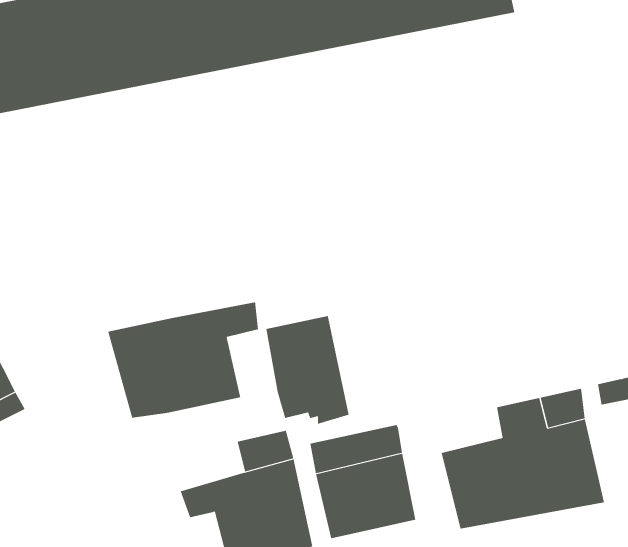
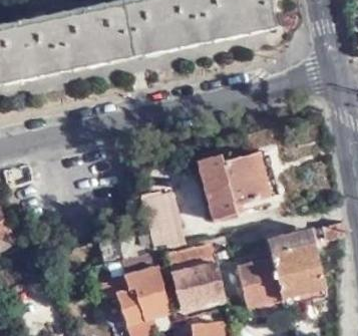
building: none -> [202,151,272,220]
building: [108,301,259,419] -> none

